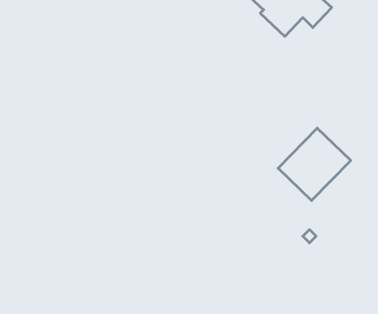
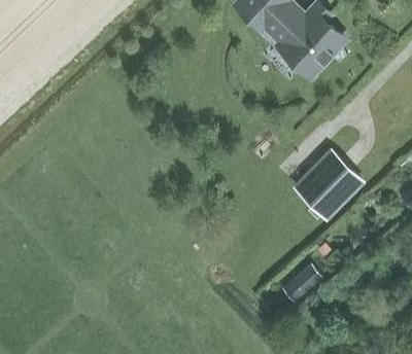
building: none -> [282,264,322,303]

